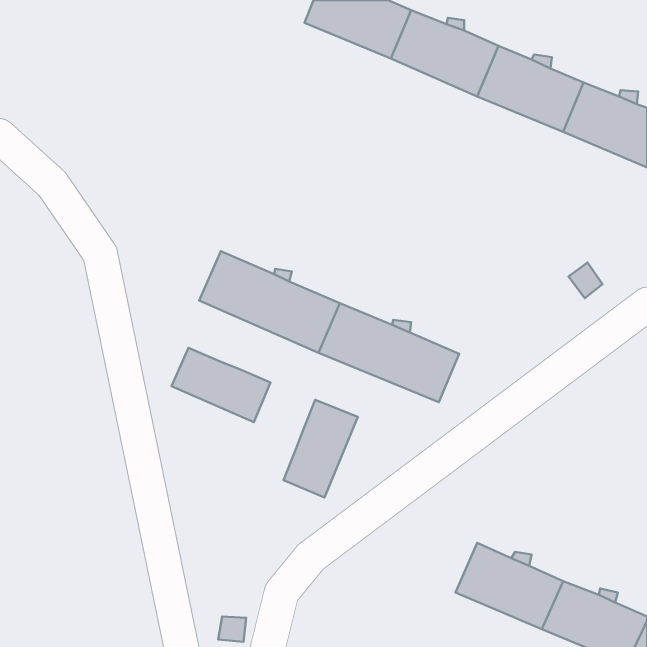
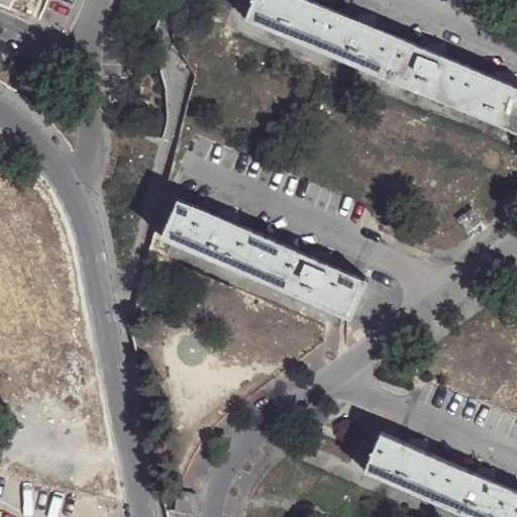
building: [172,348,270,422] -> none
building: [283,400,358,497] -> none

